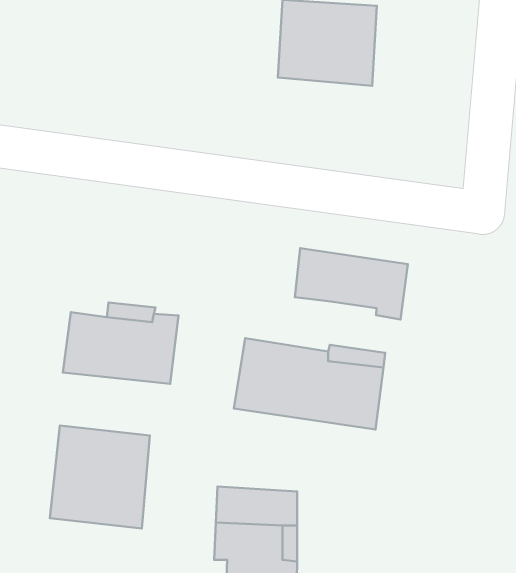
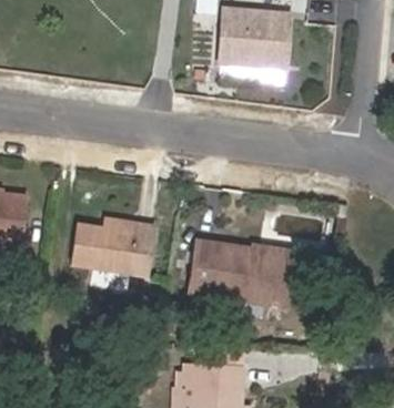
building: [295,248,408,319] -> none
building: [50,425,150,528] -> none

